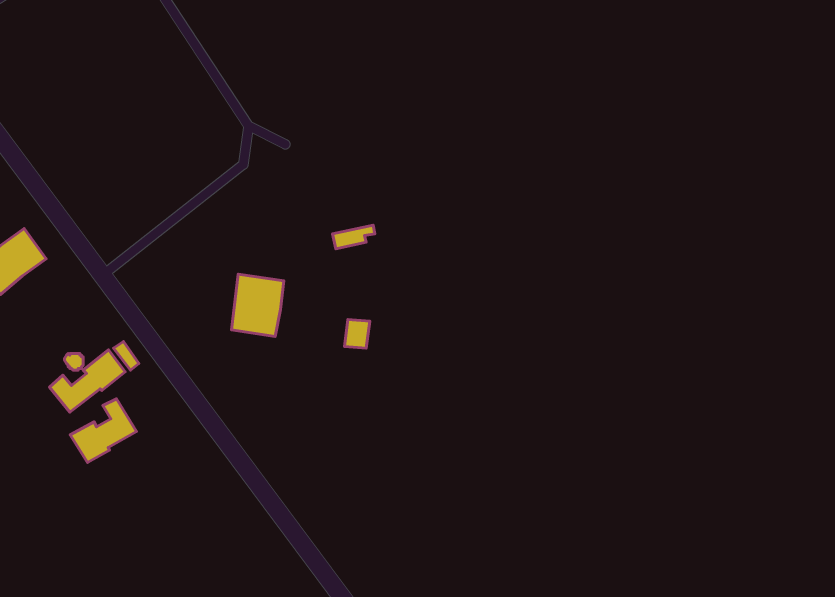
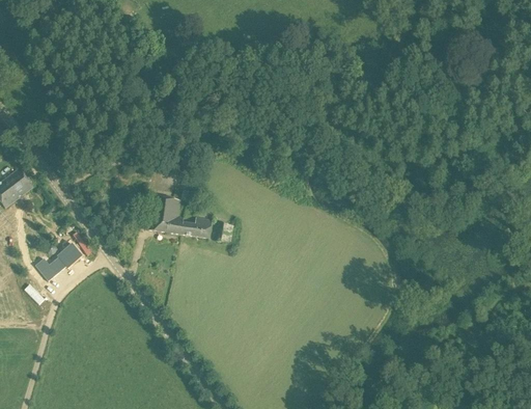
building: none -> [175,216,213,237]
building: [70,399,137,462] -> none

